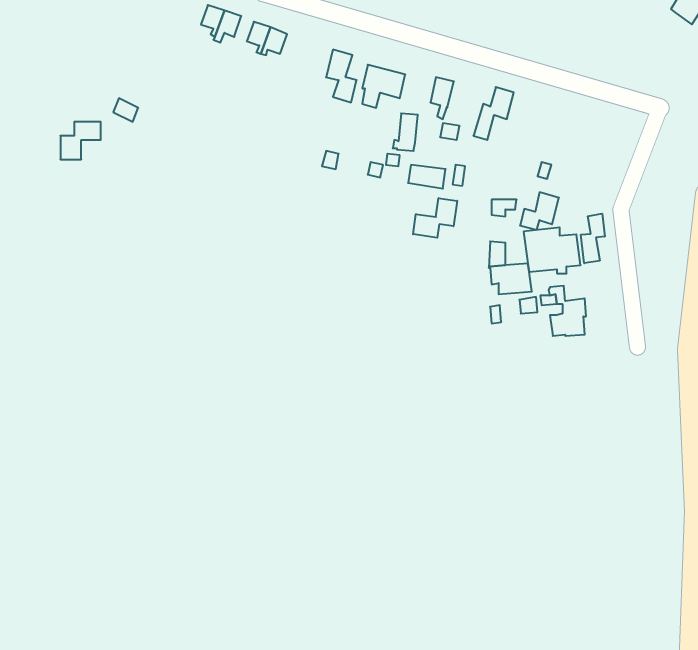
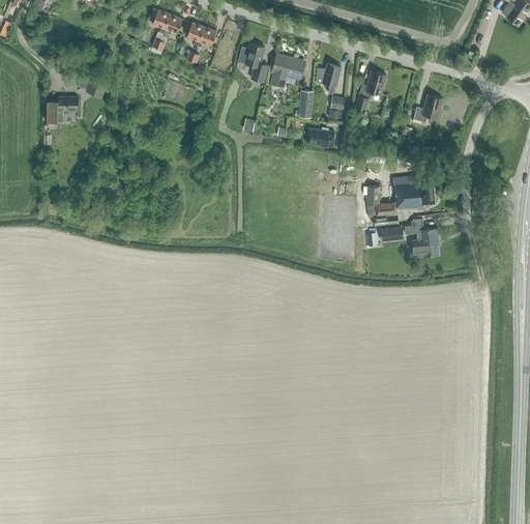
building: [520,192,559,230] -> [412,94,441,122]
building: [413,198,457,238] -> none
building: [581,214,605,263] -> none

